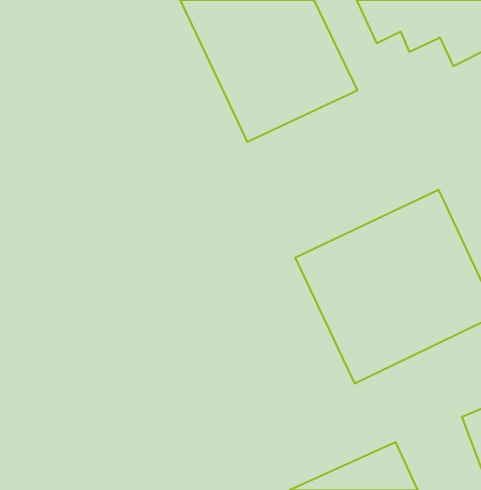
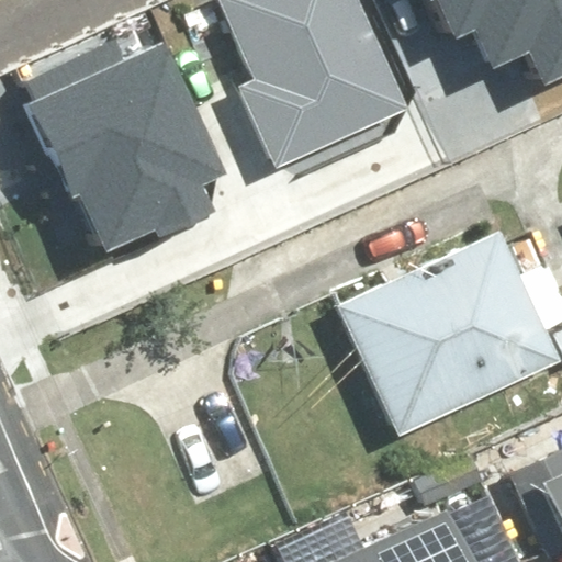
building: none -> [26,32,207,240]

